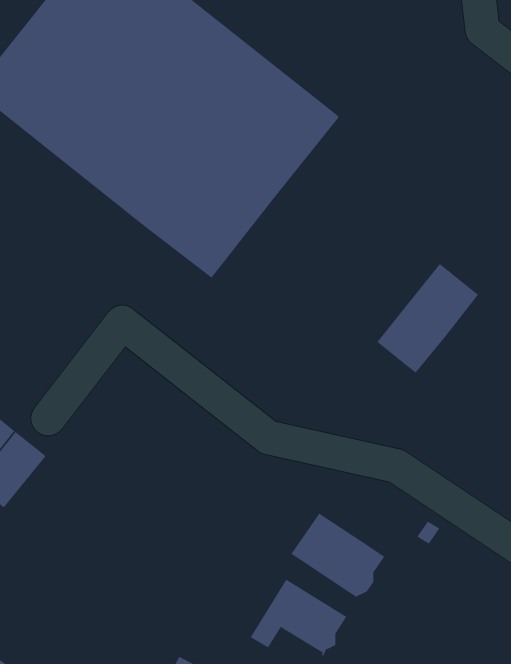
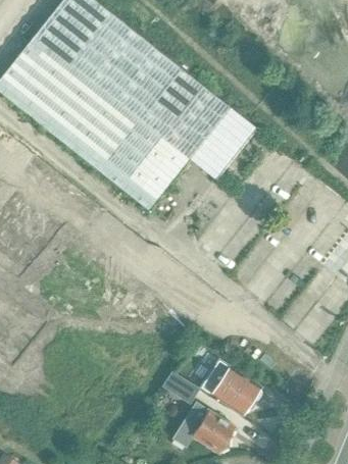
building: [377,263,479,373] -> [188,106,254,177]
building: none -> [160,372,197,404]

